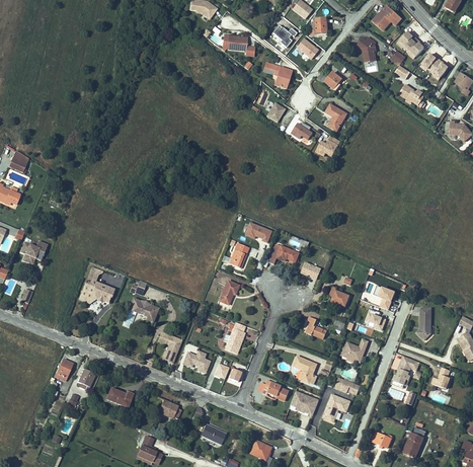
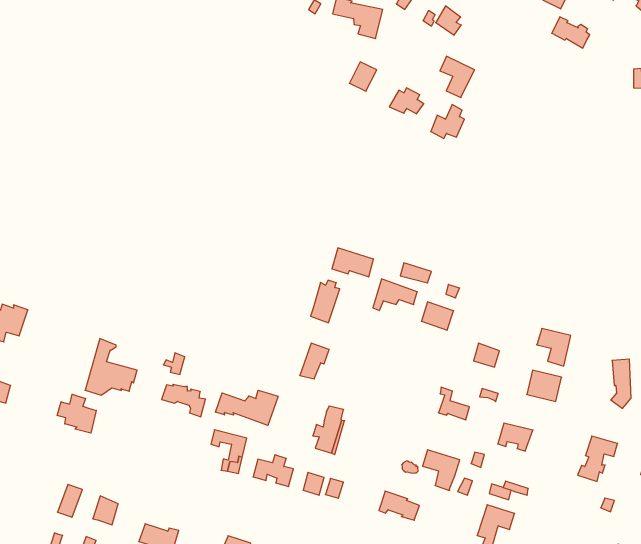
building: none -> [57,394,96,433]
building: none -> [215,390,278,425]
building: [291,390,319,412] -> none

